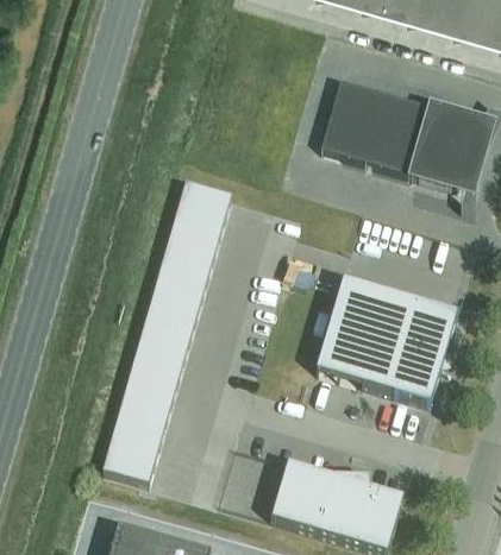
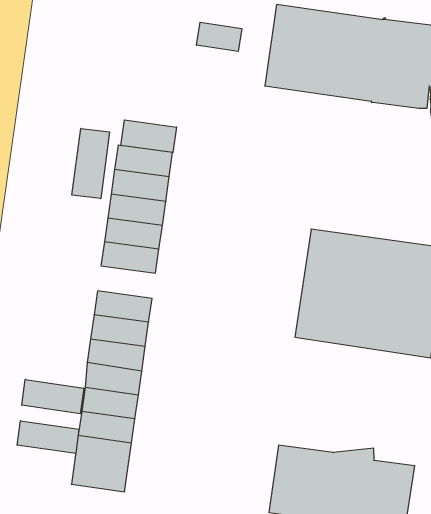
building: none -> [197,22,242,51]
building: none -> [121,120,177,153]
building: none -> [72,128,110,199]
building: [150,284,202,319] -> none
building: none -> [22,379,84,414]
building: none -> [17,421,79,453]

